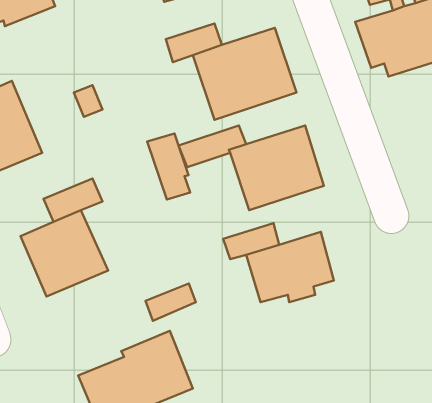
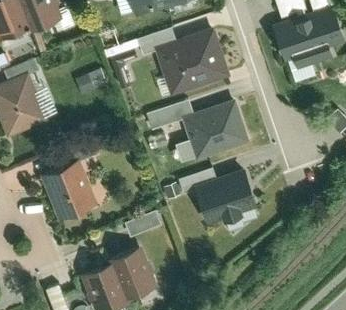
building: [147,134,190,200] -> none

